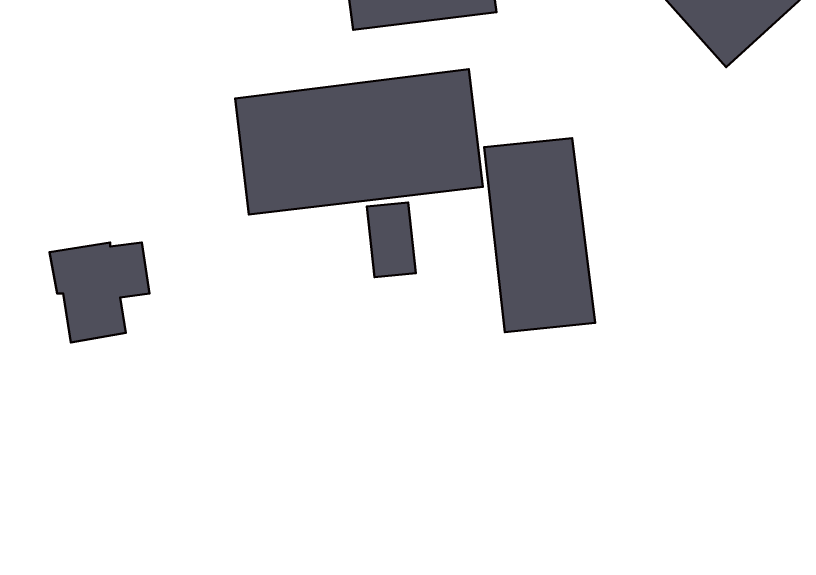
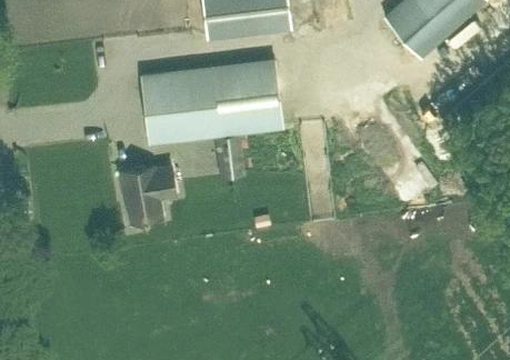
building: [484,138,595,332] -> none
building: [49,242,150,343] -> [119,168,176,224]

